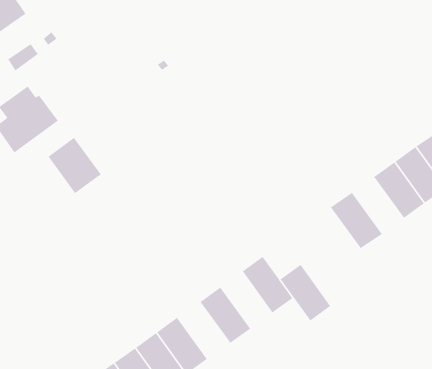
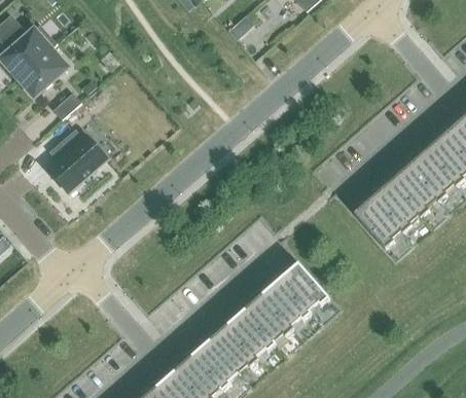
building: [47,137,102,194] -> none
building: none -> [371,181,420,231]
building: [280,264,331,321] -> [262,277,311,327]
building: none -> [226,307,276,358]

